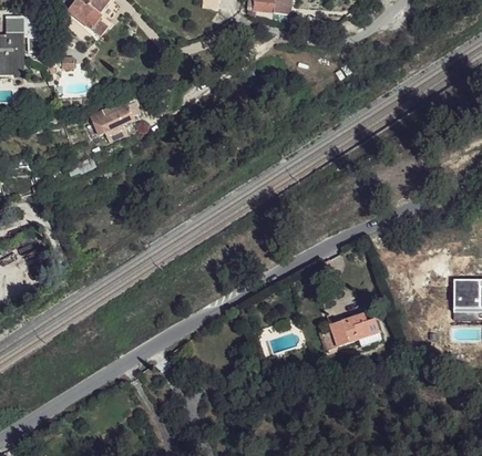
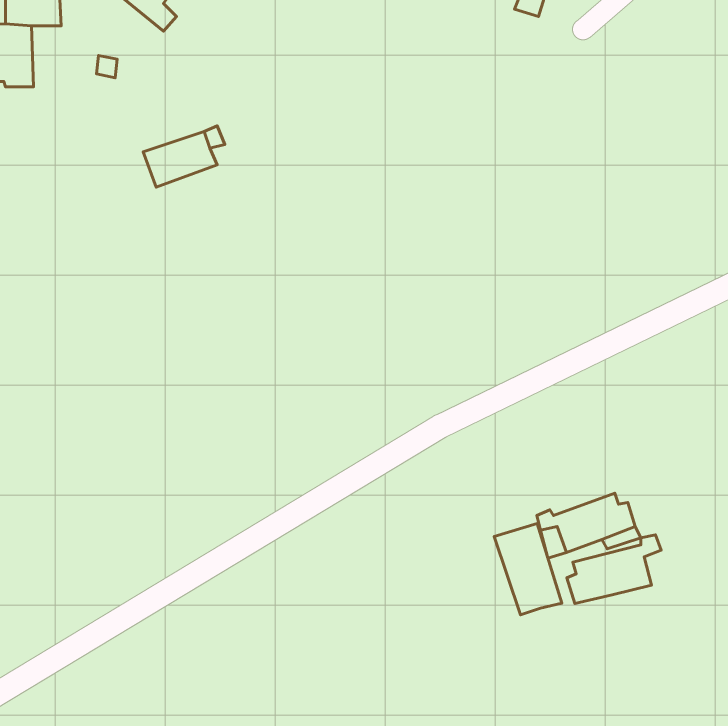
building: none -> [494,523,562,615]
building: none -> [567,535,661,604]

